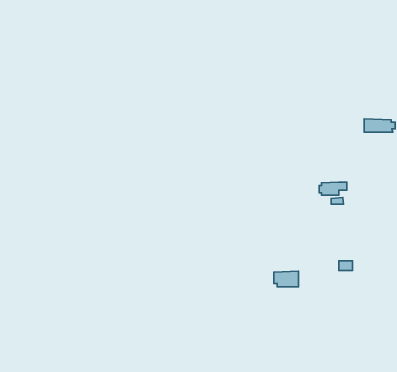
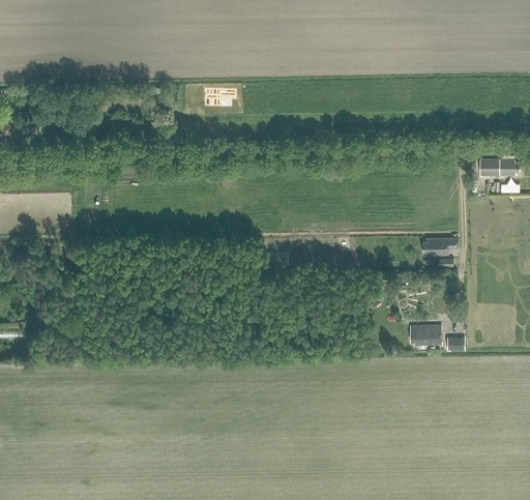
building: [274,271,298,287] -> [409,324,440,344]

